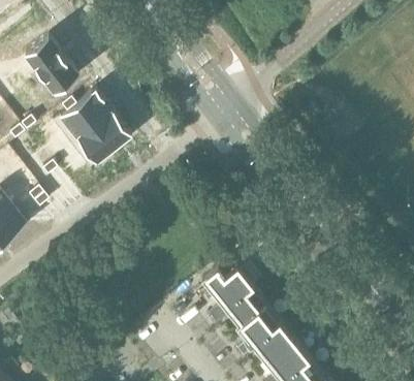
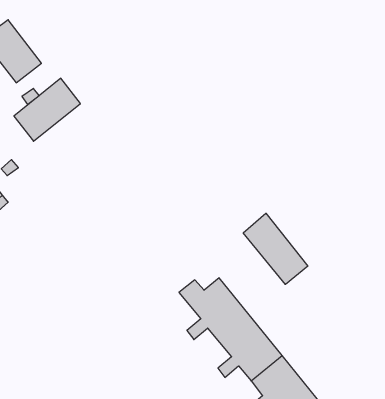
building: [71,113,132,169] -> none
building: none -> [243,213,308,284]

